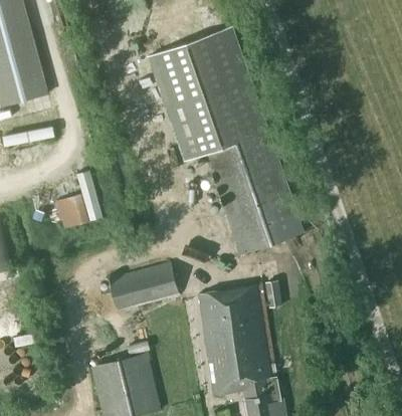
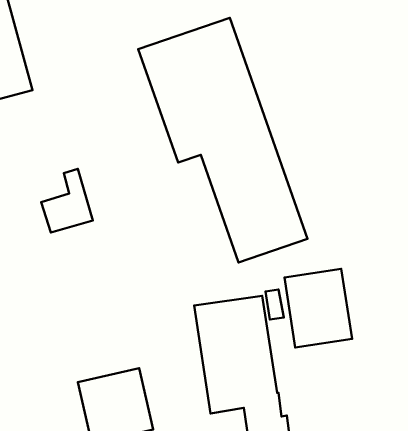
building: none -> [285,269,352,347]
building: [109,263,178,308] -> none

